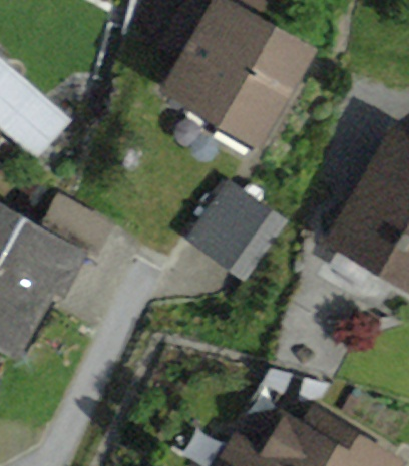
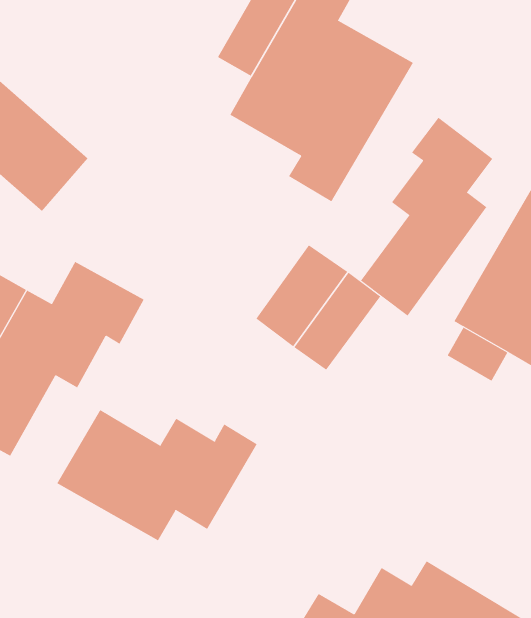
building: none -> [360,117,493,317]
building: none -> [57,409,257,541]

